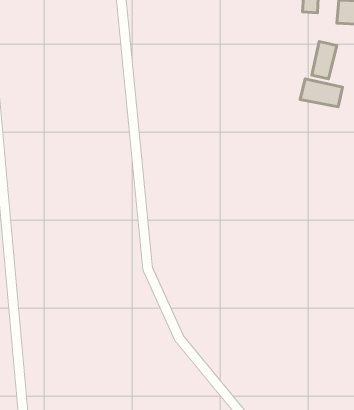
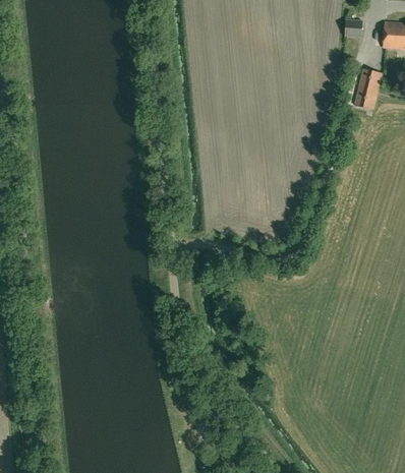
building: [300,79,343,107] -> none

